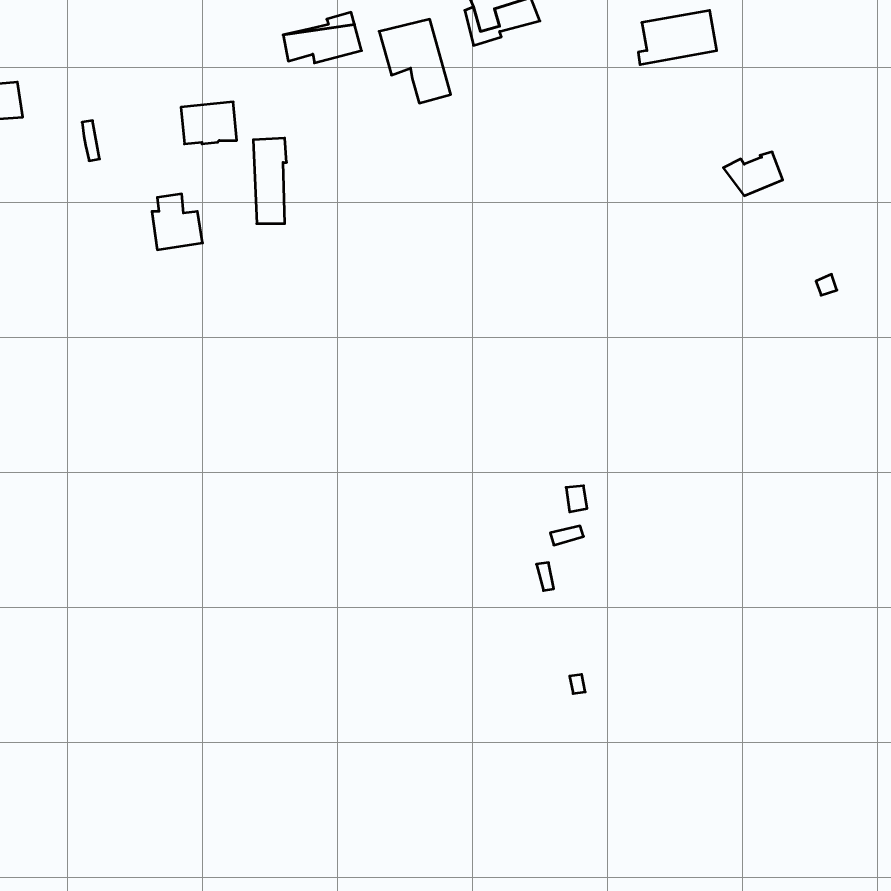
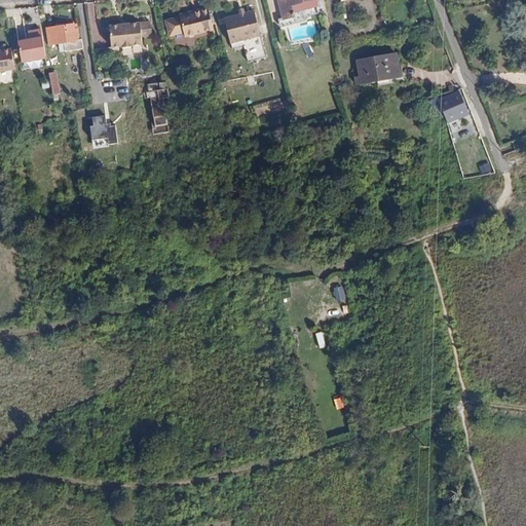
building: [638,10,717,65] -> [353,52,400,84]
building: none -> [45,23,78,44]
building: none -> [16,26,44,57]
building: [181,102,237,144] -> [108,22,141,46]

